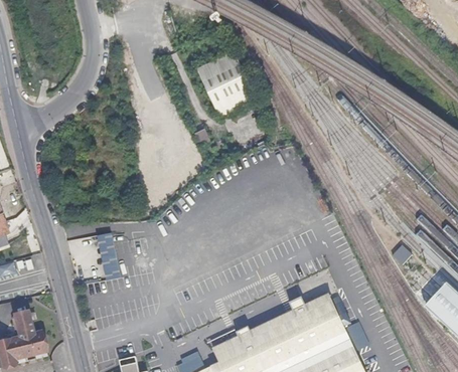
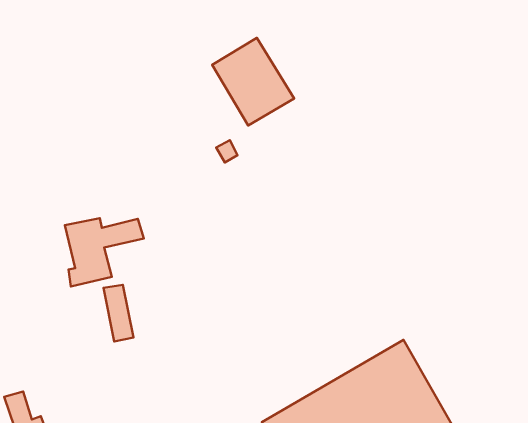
building: none -> [65,218,144,286]

